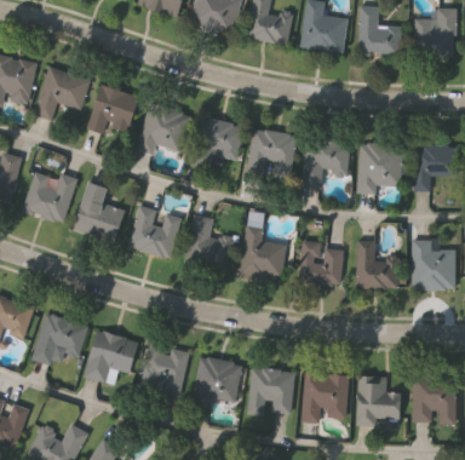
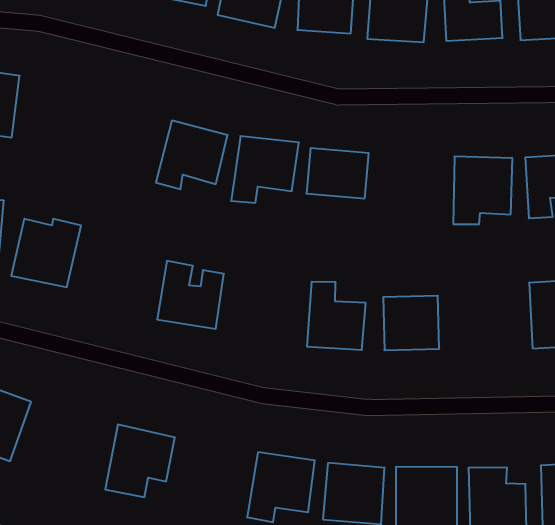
building: [34,67,90,119] -> none
building: [87,84,137,136] -> none
building: [302,139,348,186] -> none
building: [76,184,126,243] -> none
building: [184,215,237,274] -> none
building: [357,245,397,287] -> none
building: [34,312,87,366] -> none
building: [140,339,189,395] -> none

